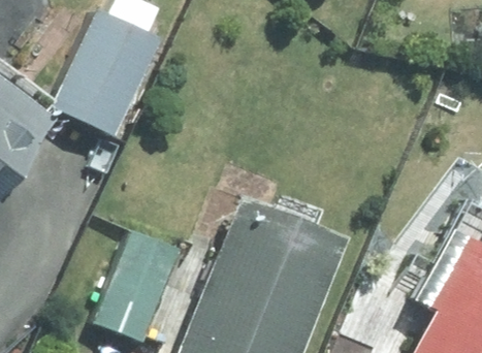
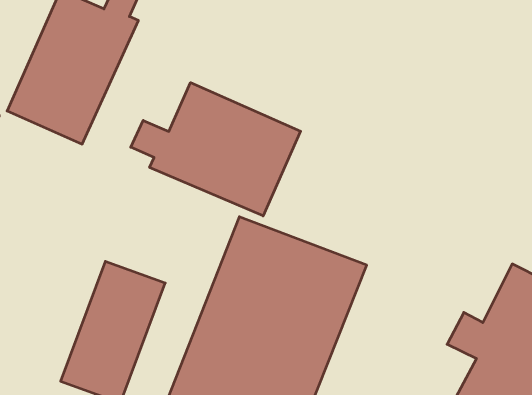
building: none -> [131,83,301,216]

